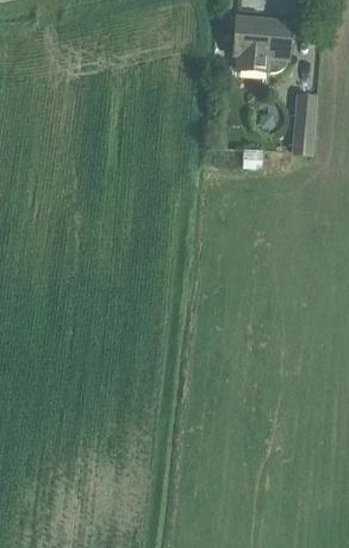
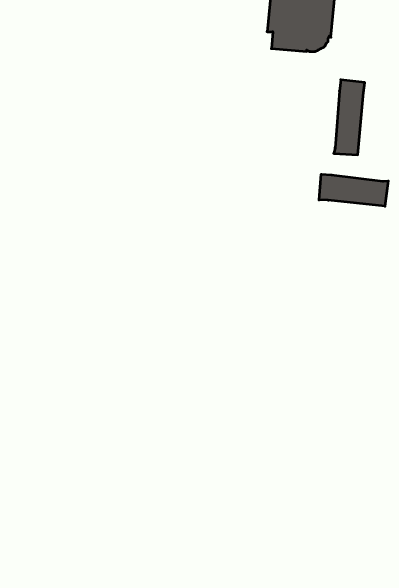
building: none -> [319,174,388,206]

